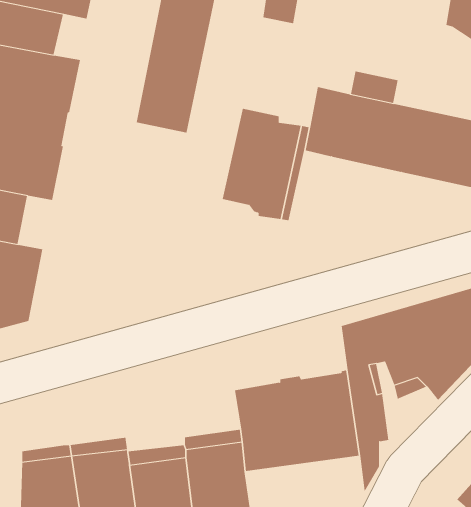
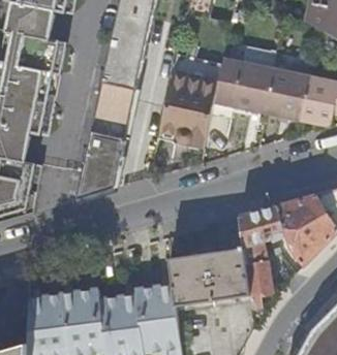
building: none -> [75,82,136,198]

